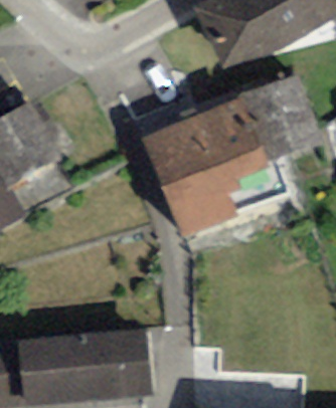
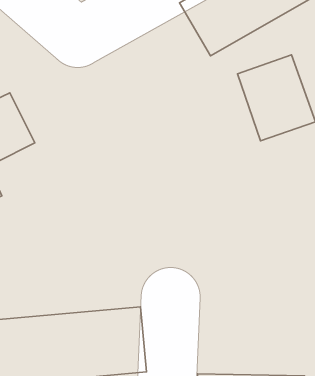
building: [140,99,260,235] -> none

